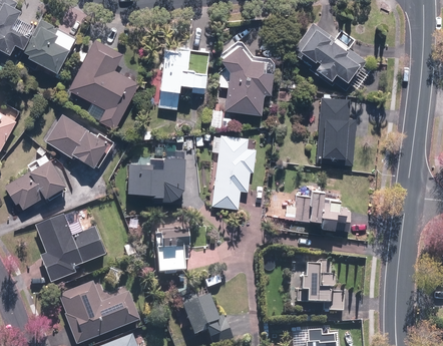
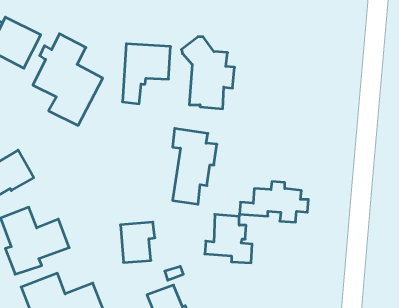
building: [291,23,363,81] -> none
building: [316,97,355,164] -> none
building: [43,112,114,167] -> none
building: [130,153,186,200] -> none
building: [296,262,344,311] -> [205,214,252,263]

